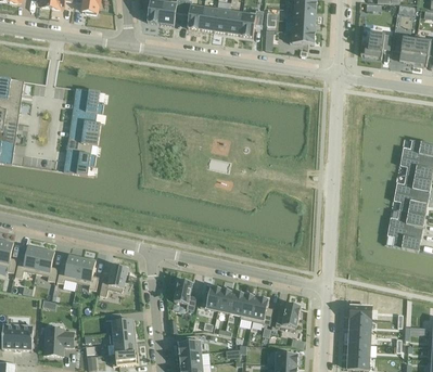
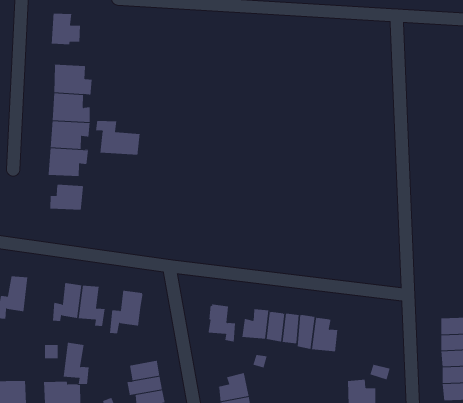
building: none -> [51,13,80,45]
building: none -> [96,120,140,155]
building: none -> [50,184,84,210]
building: [36,246,56,280] -> [63,342,89,385]
building: [275,302,301,329] -> none

